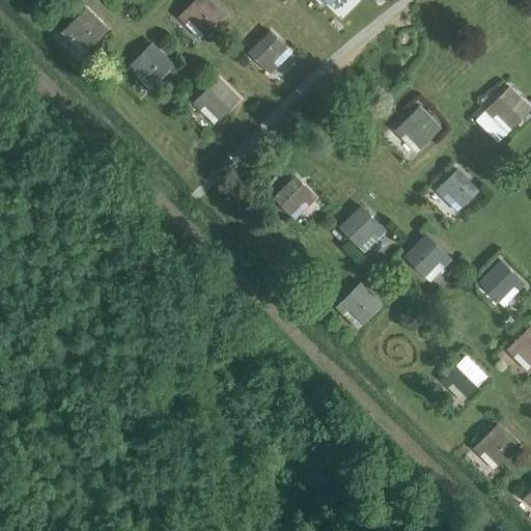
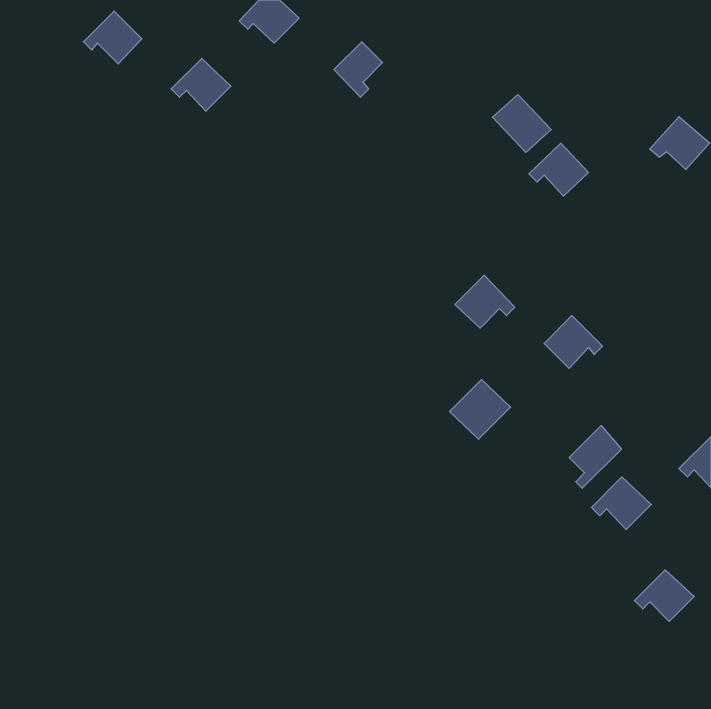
building: none -> [492,95,551,152]
building: [192,79,237,119] -> none
building: [436,170,477,206] -> none
building: [274,177,315,214] -> none
building: [479,261,524,301] -> none
building: none -> [569,426,621,488]

